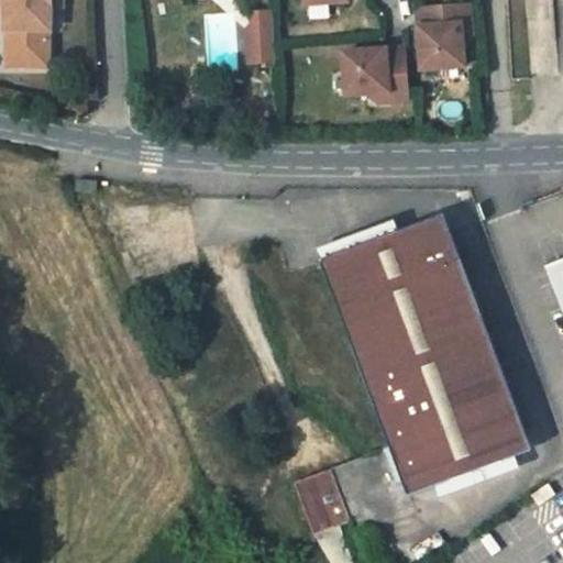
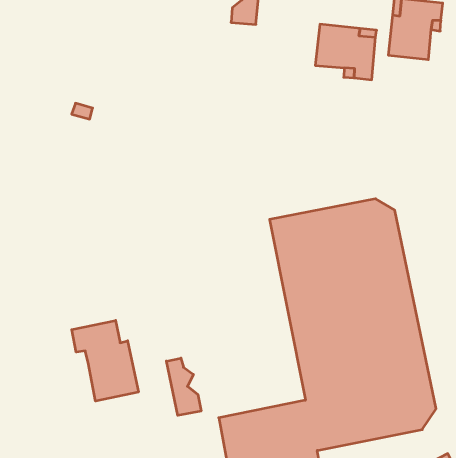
building: none -> [72,320,138,401]
building: none -> [166,358,201,415]

